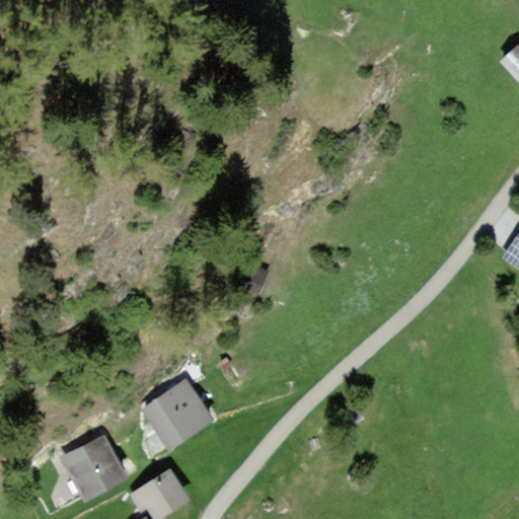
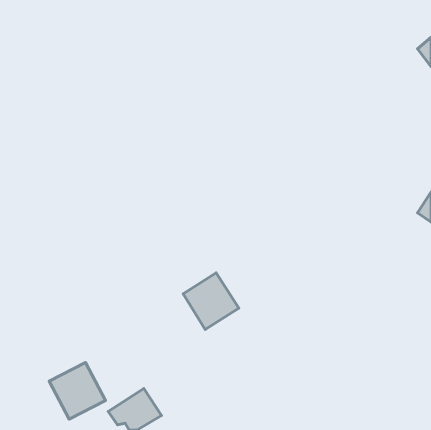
building: [146,379,213,447] -> [183,273,239,329]

